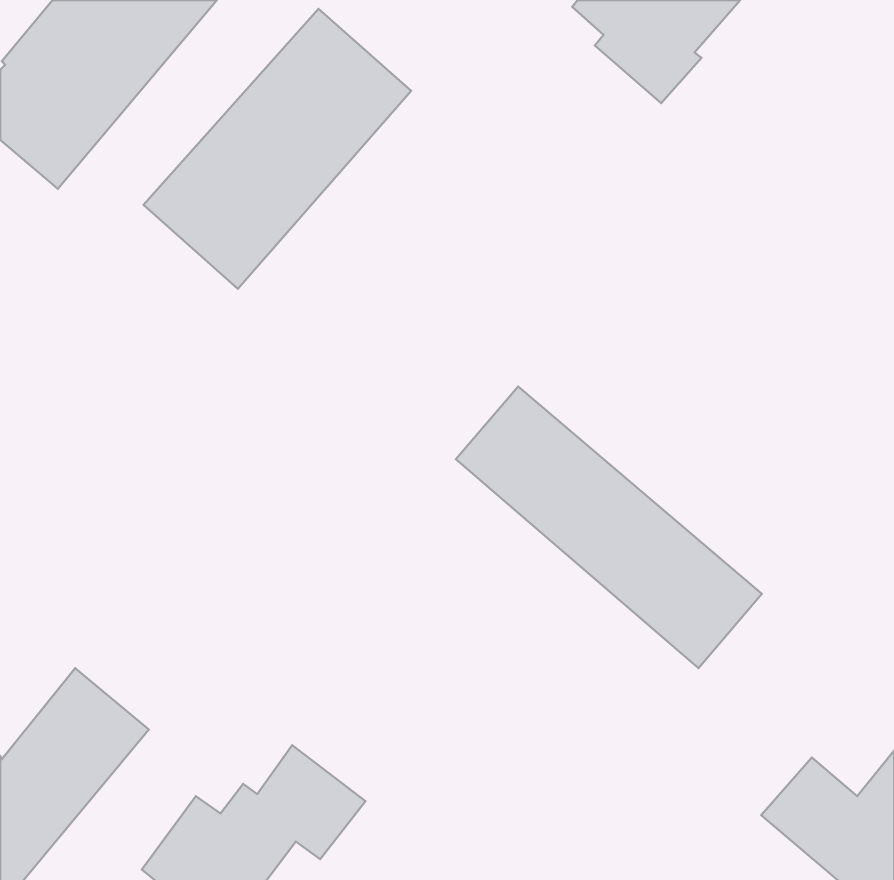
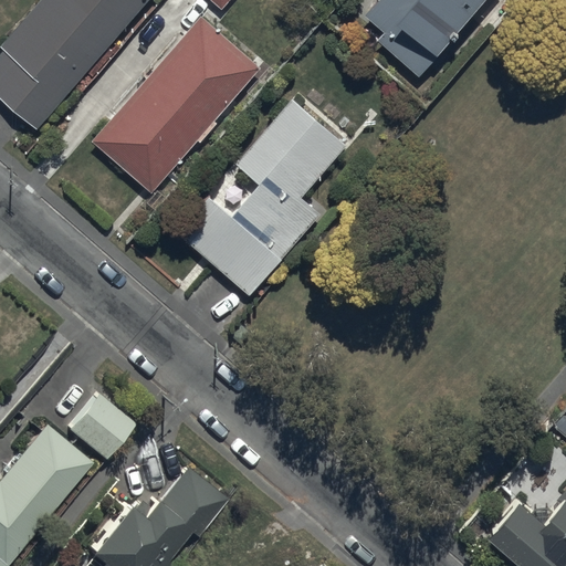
building: none -> [174,96,345,296]
building: [456,386,762,668] -> none
building: none -> [67,402,134,469]

